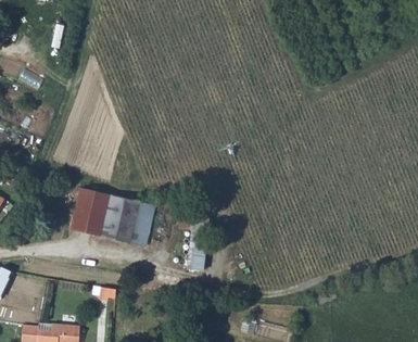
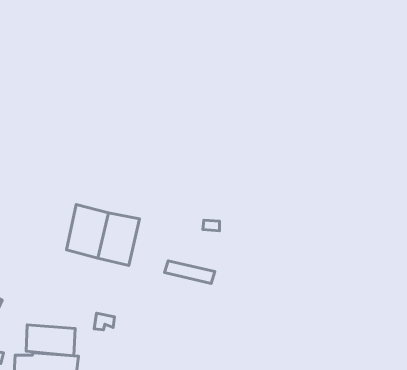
building: [128,201,155,248] -> none
building: none -> [26,325,75,356]

